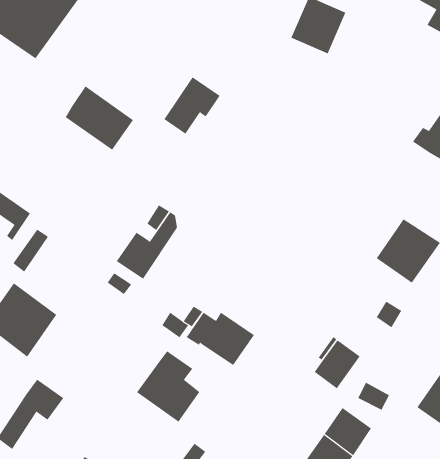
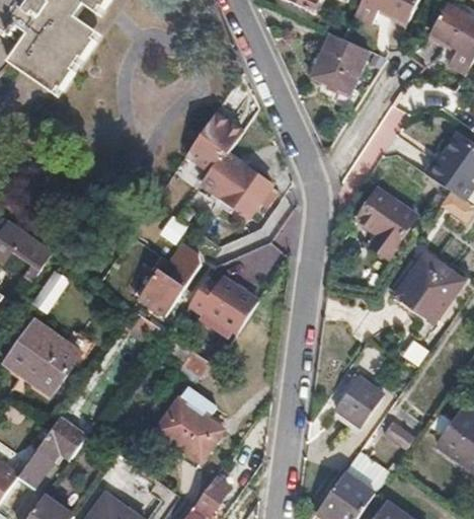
building: [65,86,134,151] -> [202,151,270,216]
building: none -> [358,192,415,260]
building: [186,312,255,366] -> [189,278,258,331]

